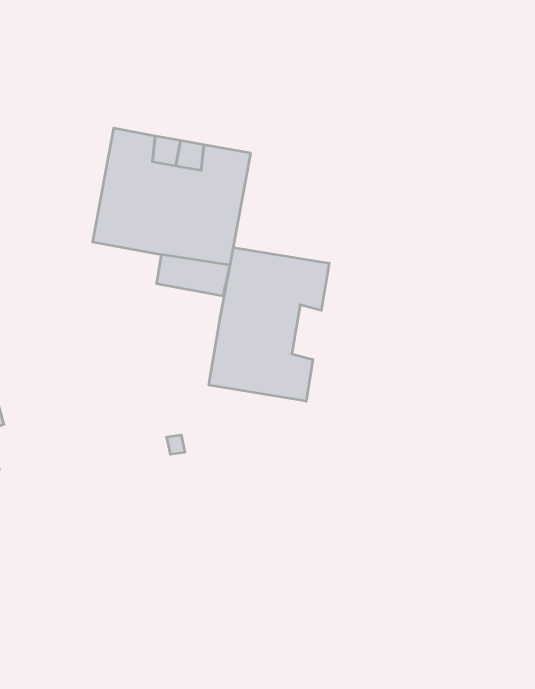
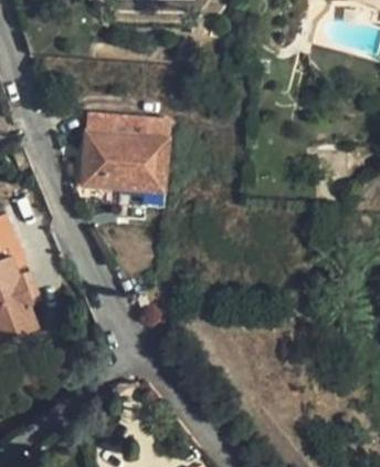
building: [209,247,329,401] -> none

